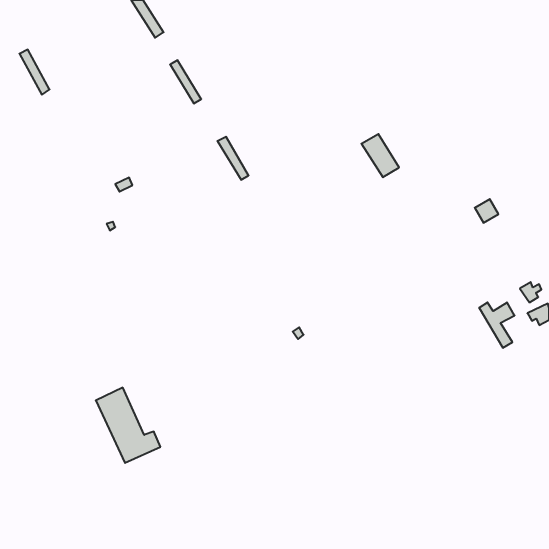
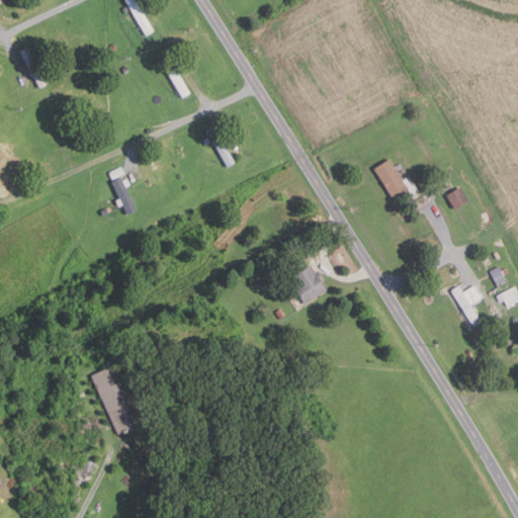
building: [361,134,399,177] -> [374,159,410,199]
building: none -> [112,179,137,217]
building: none -> [291,264,327,305]

